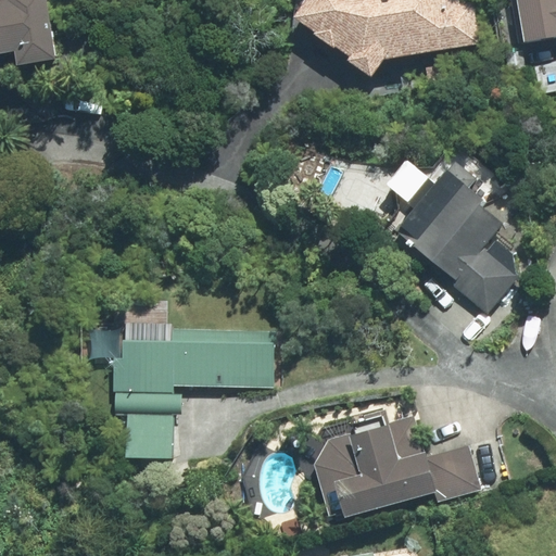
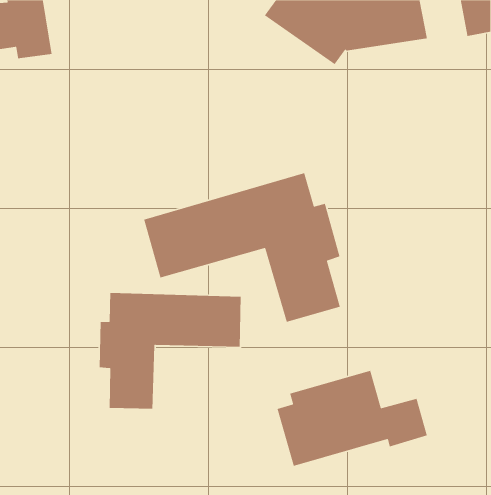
building: [397,168,526,314] -> none
building: none -> [143,172,341,323]

